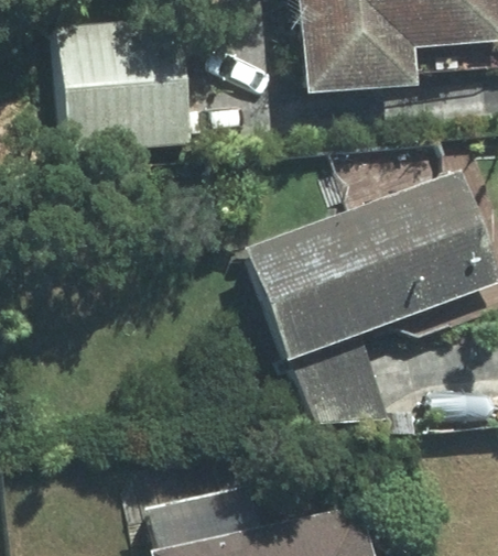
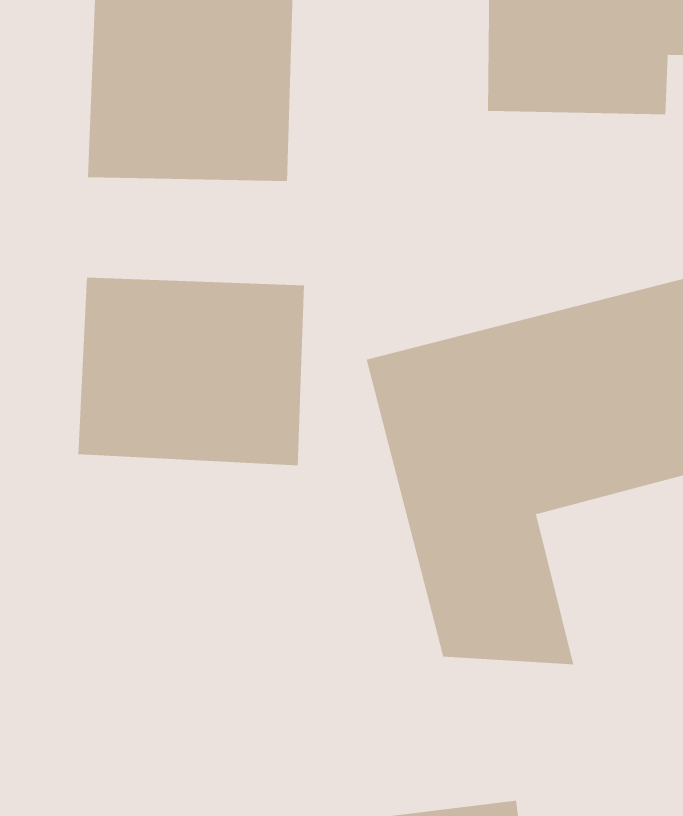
building: none -> [78,277,305,466]

